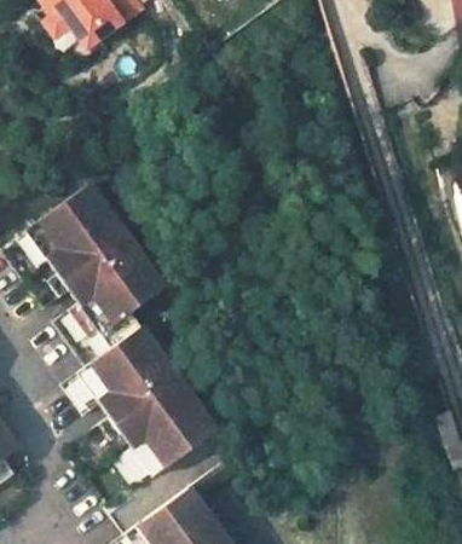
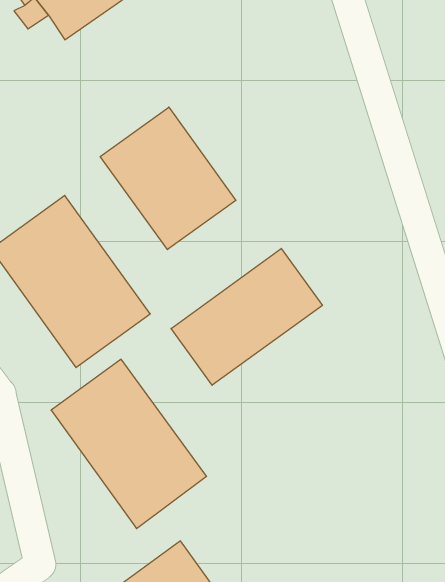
building: none -> [100,107,236,250]
building: none -> [171,248,322,385]

